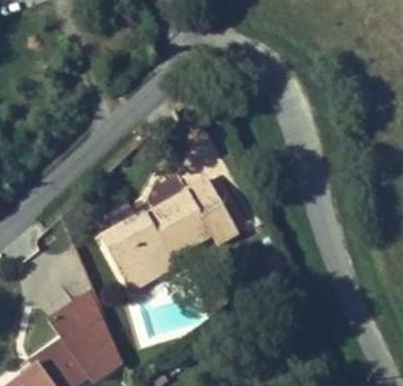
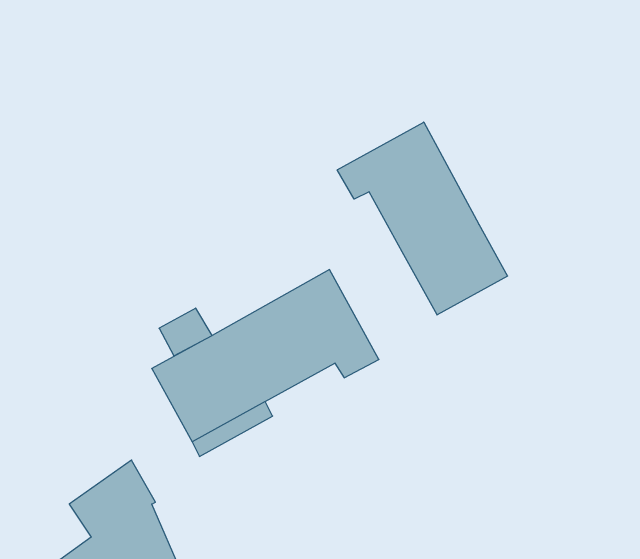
building: none -> [337,122,508,315]

